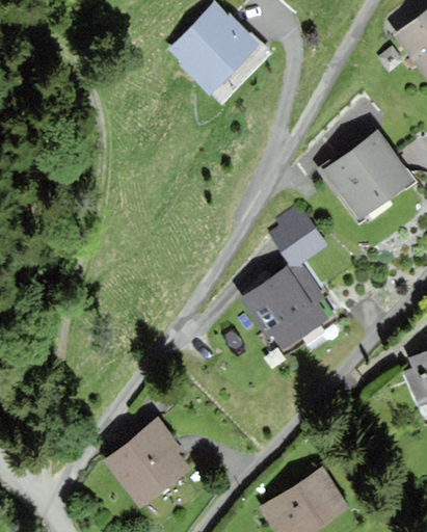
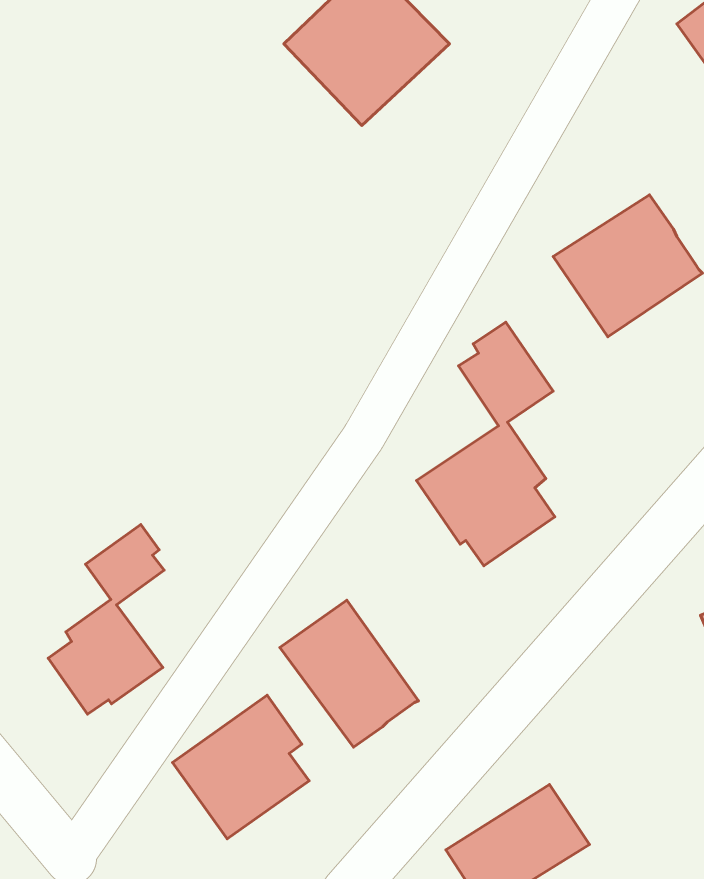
building: none -> [48,525,164,714]
building: none -> [280,600,419,747]

